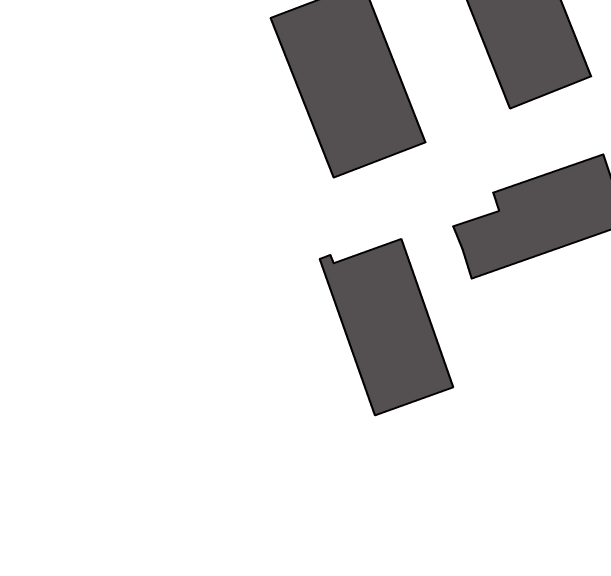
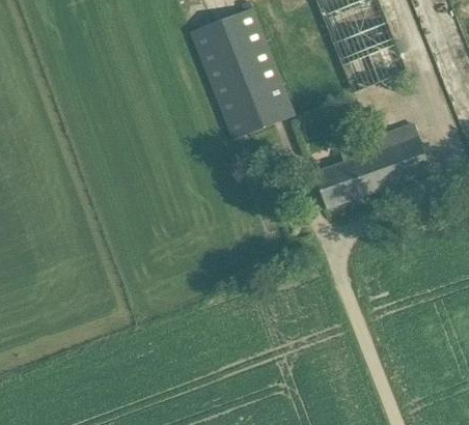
building: [320,239,453,415] -> none

